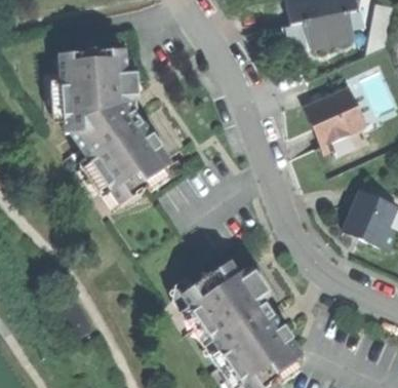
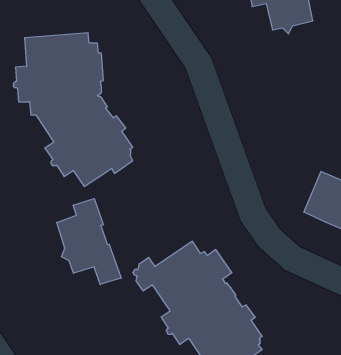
building: [304,86,365,142] -> none
building: none -> [57,199,121,285]

